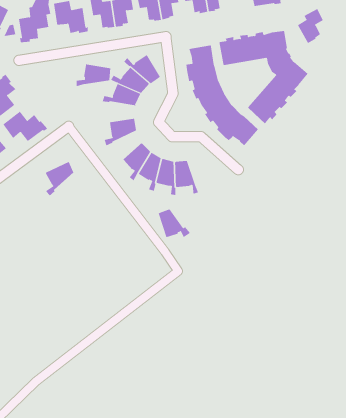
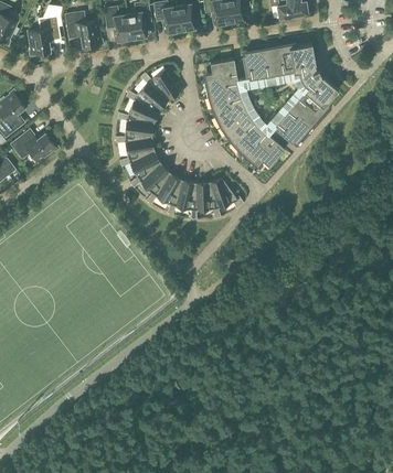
building: [297,8,323,44] -> none
building: [76,64,111,87] -> [116,119,153,143]
building: [45,161,74,196] -> [129,150,160,187]
building: [158,209,191,238] -> [209,178,244,208]

